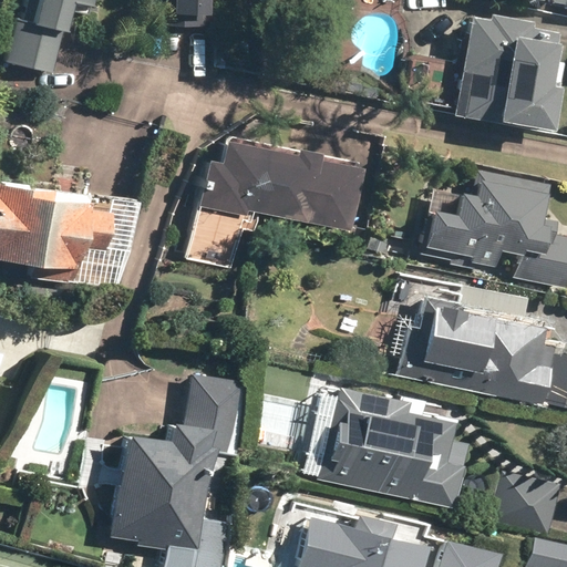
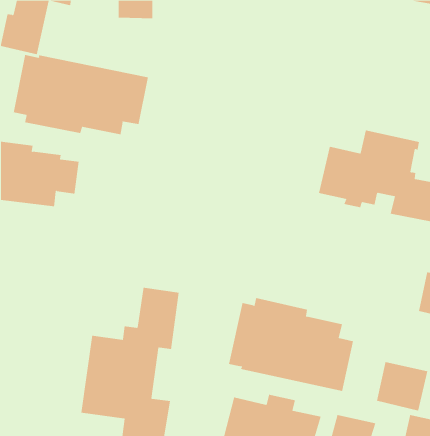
building: [453,14,560,132] -> none
building: none -> [13,54,148,135]
building: [186,136,361,268] -> none
building: [409,299,555,405] -> none

